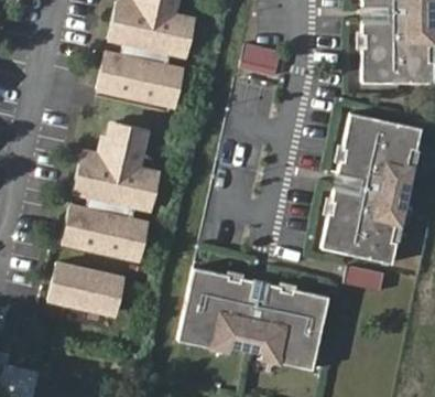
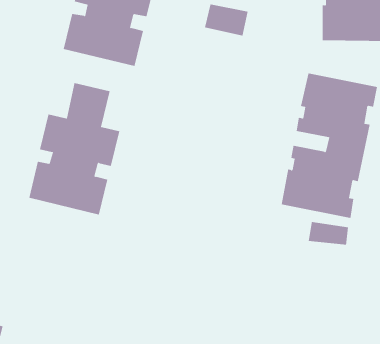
building: [50,265,120,314] -> none
building: [180,267,331,371] -> none

